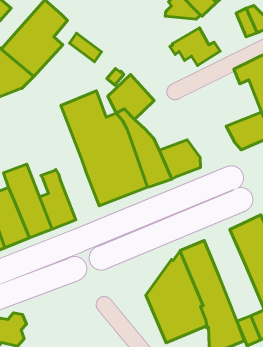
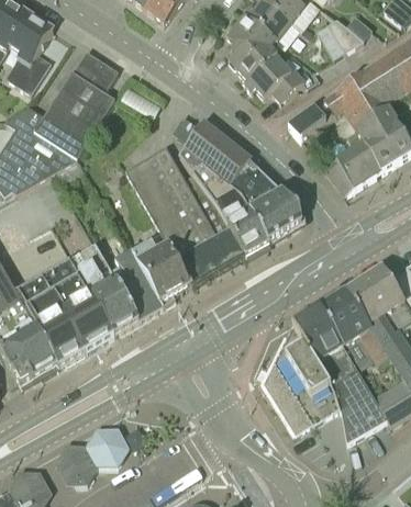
building: none -> [233,44,277,78]
building: none -> [288,97,334,137]
building: none -> [215,148,281,206]
building: none -> [135,243,189,304]
building: none -> [321,288,389,367]

